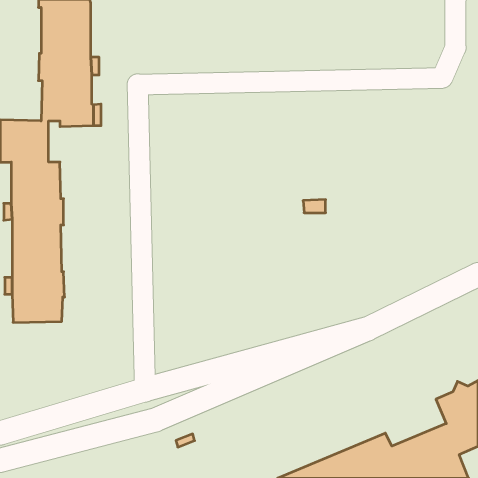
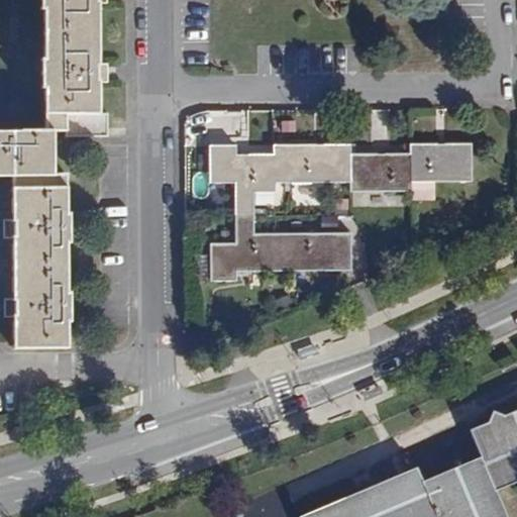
building: none -> [210,143,472,280]

